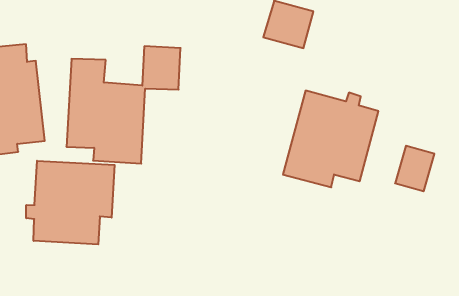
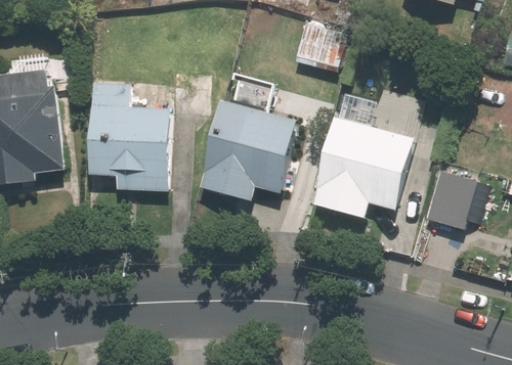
building: none -> [201,78,298,199]
building: [26,161,115,244] -> none

